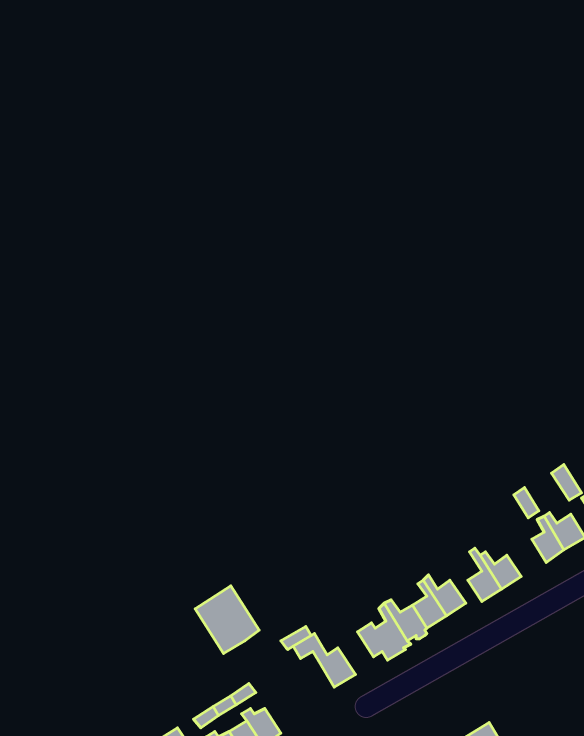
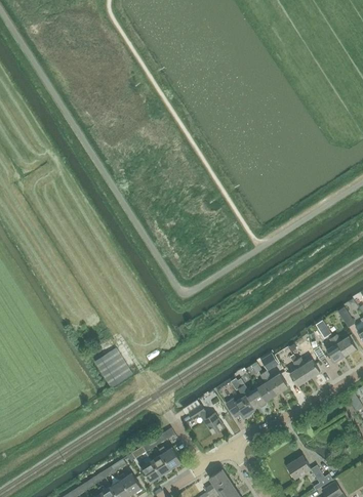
building: [195,586,259,653] -> [94,348,131,387]

